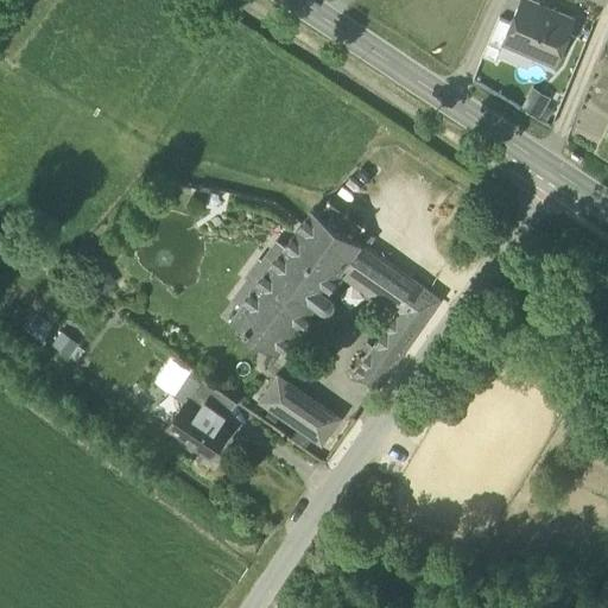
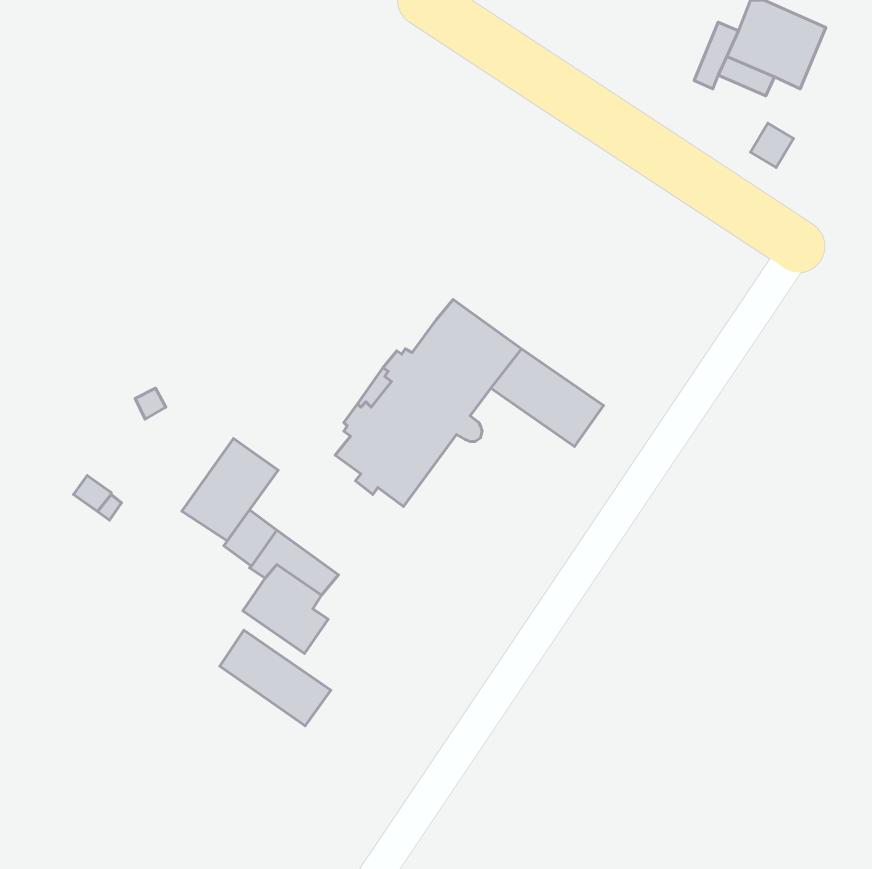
building: [354,285,443,395] -> none
building: none -> [182,439,278,541]
building: [264,378,341,444] -> [220,630,331,726]

